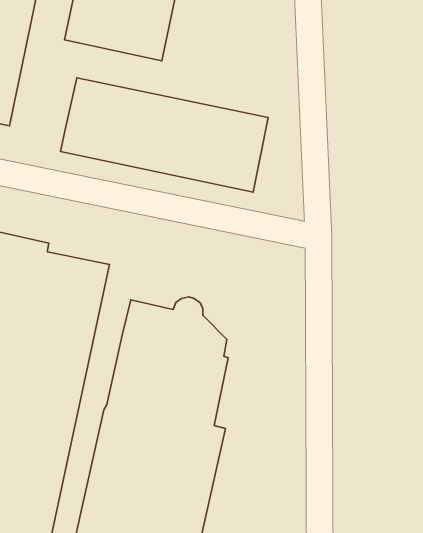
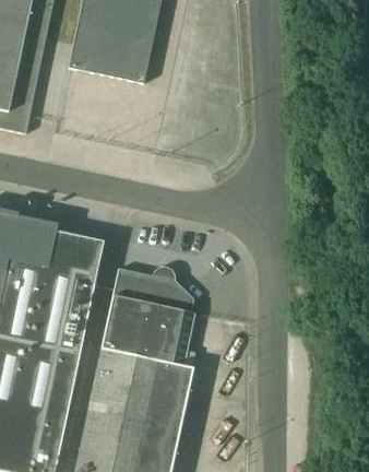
building: [61,78,268,192] -> none

